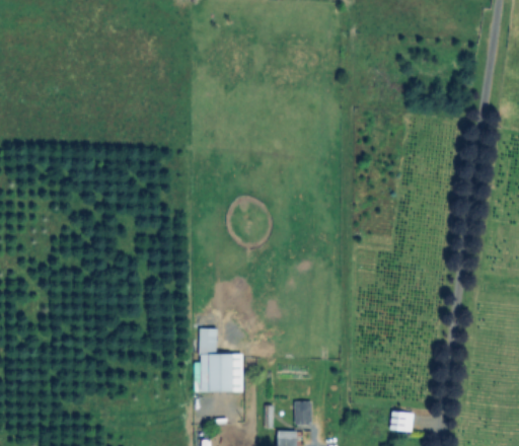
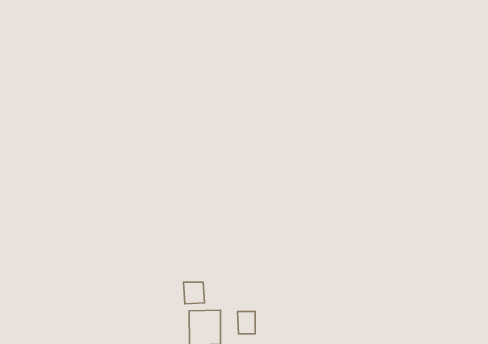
building: none -> [238,311,255,334]

